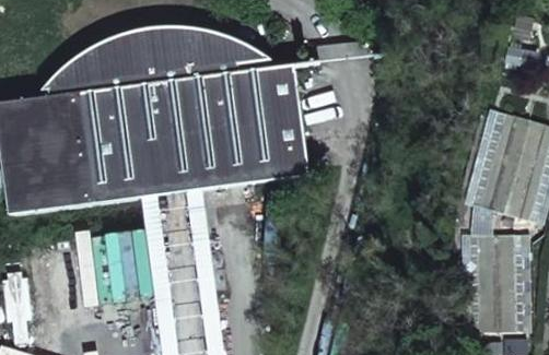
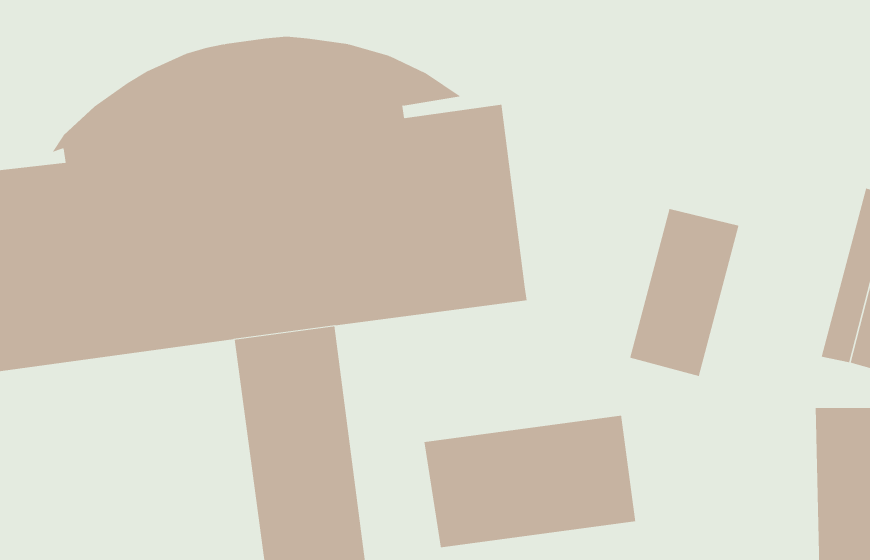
building: none -> [629,208,739,377]
building: none -> [424,415,636,548]

